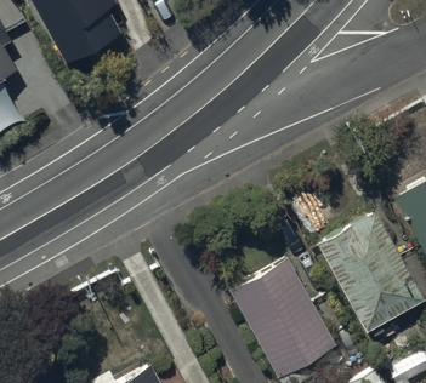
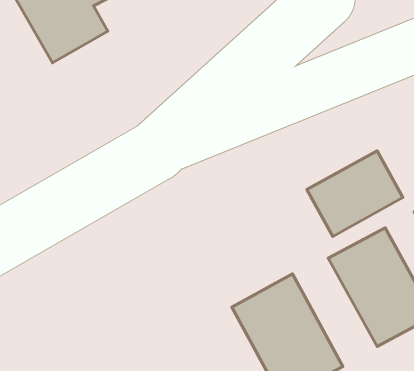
building: none -> [307,151,403,236]

